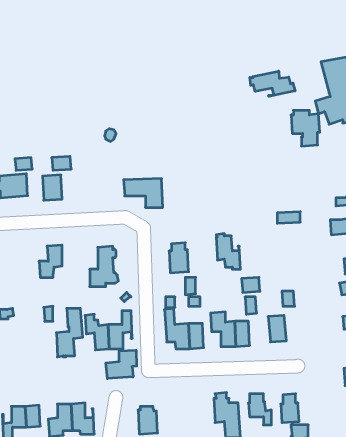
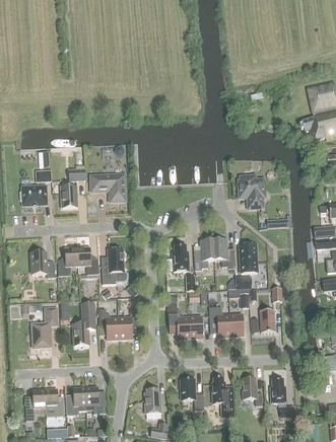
building: [250,71,295,96] -> none
building: [291,110,320,146] -> [239,175,264,207]
building: [124,179,163,207] -> [90,174,125,200]
building: none -> [193,239,214,270]
building: none -> [240,243,257,272]
building: none -> [77,246,98,274]
building: none -> [30,251,55,277]
building: none -> [31,307,57,347]
building: [106,350,137,379] -> none
building: none -> [180,378,203,410]

